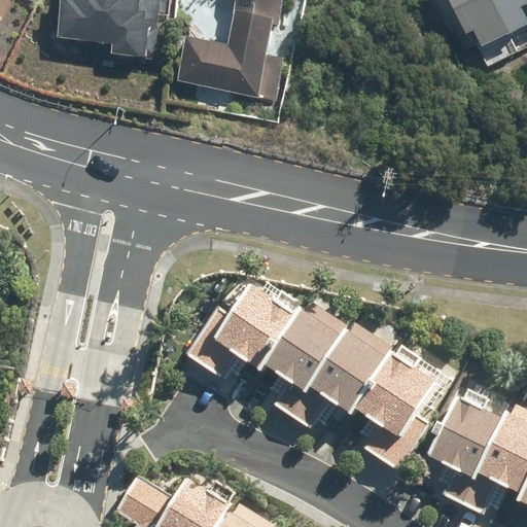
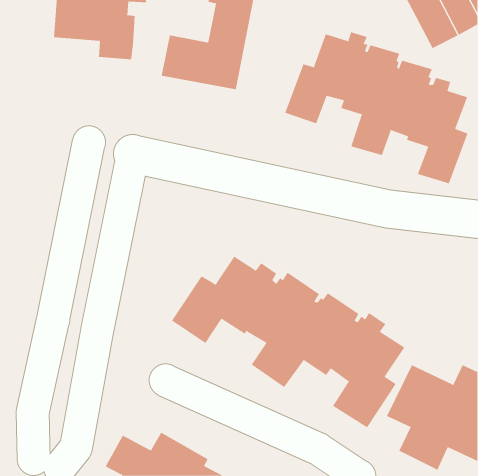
building: none -> [284,32,468,184]

